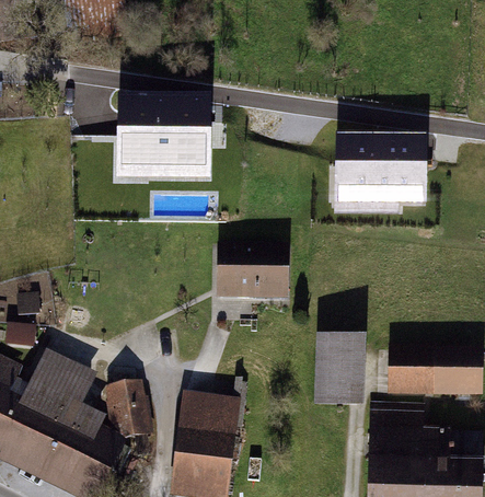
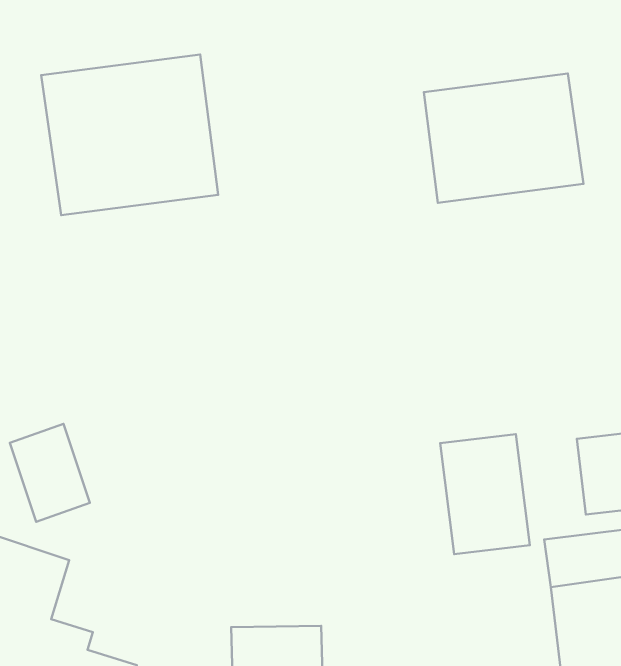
building: [219,246,287,297] -> none
building: [108,382,150,437] -> [10,424,90,522]
building: [182,393,239,435] -> none

